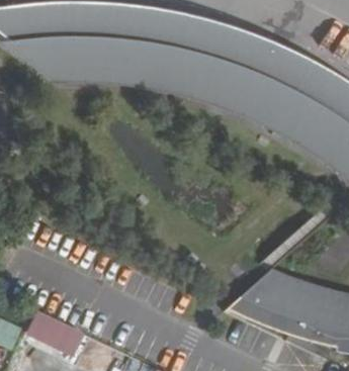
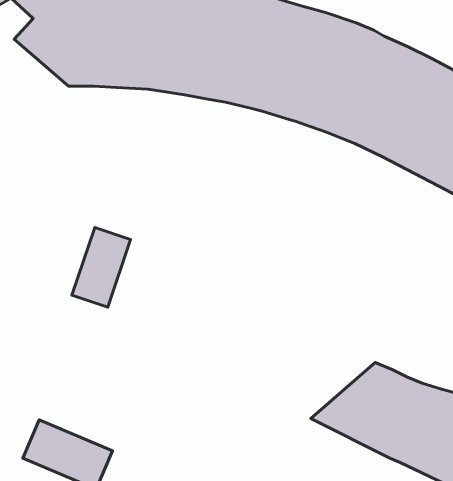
building: none -> [72,228,131,307]

